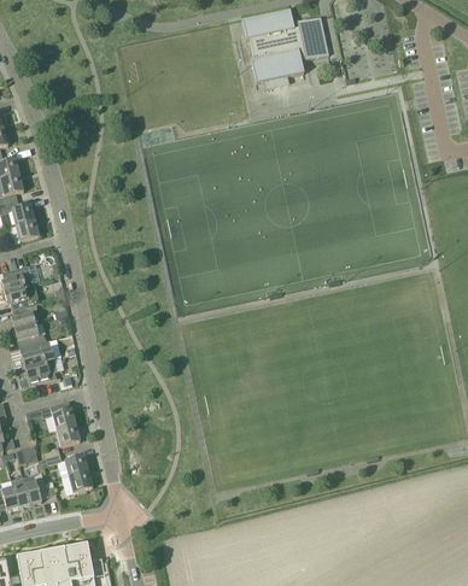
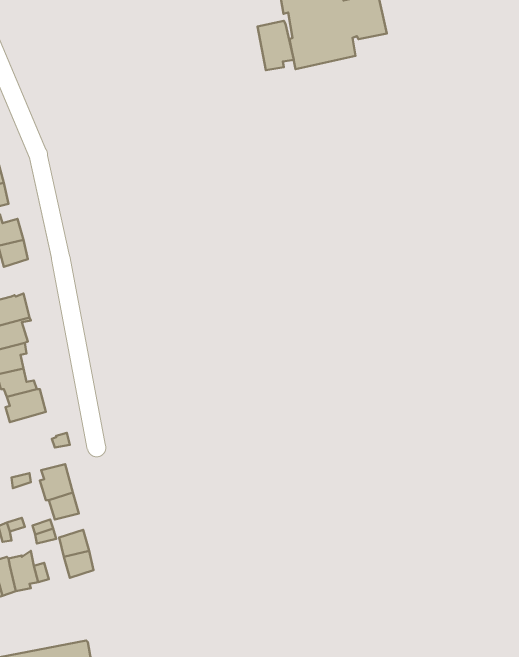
building: none -> [257,21,294,70]
building: [24,358,57,385] -> none

